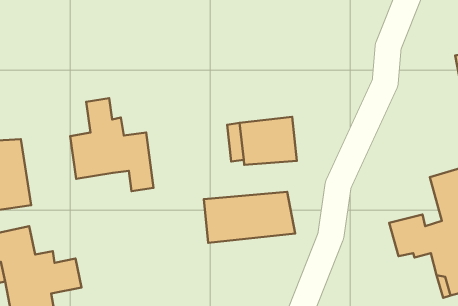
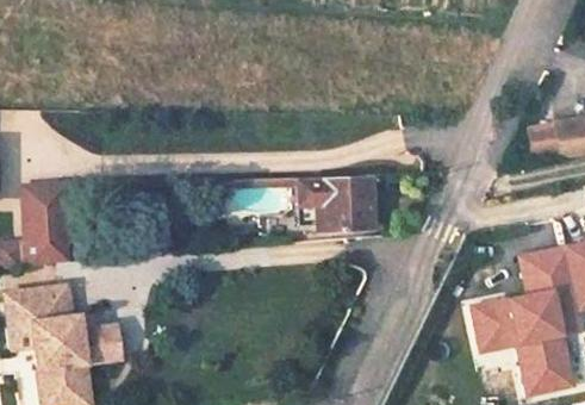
building: [70,98,154,191] -> none
building: [204,192,295,243] -> none

